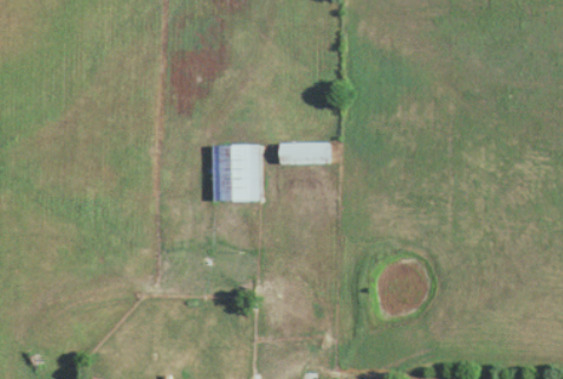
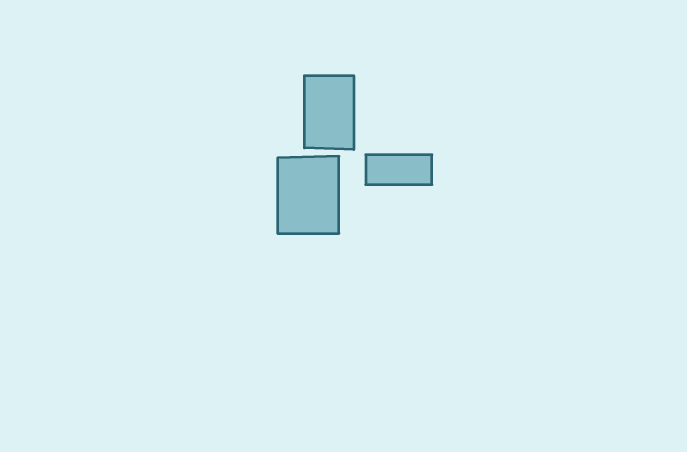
building: none -> [304,76,354,150]

